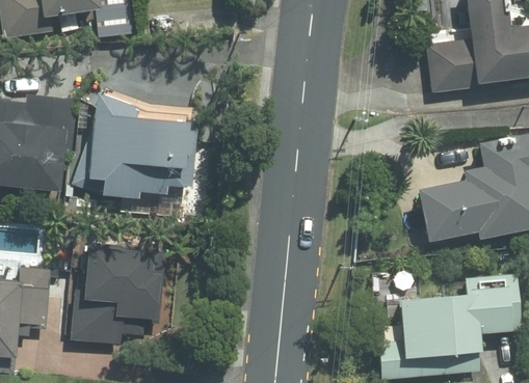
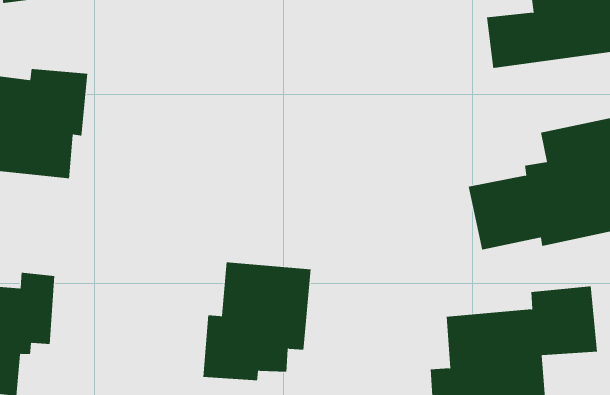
building: [97,90,201,196] -> none
building: [73,243,165,344] -> [203,262,312,381]

